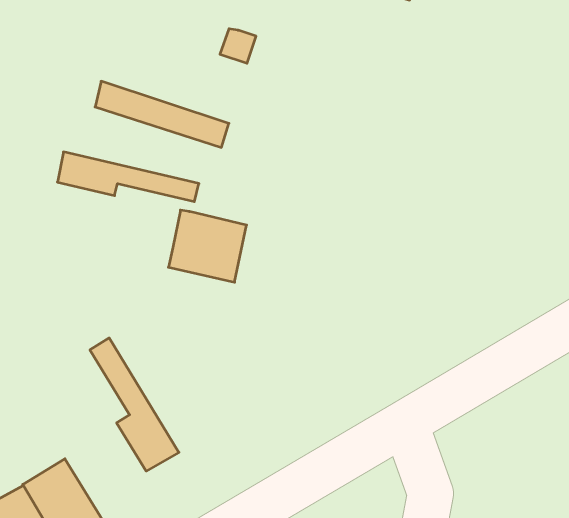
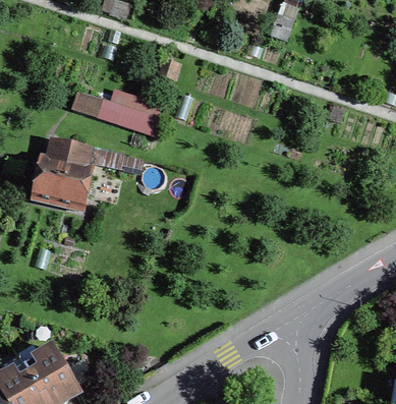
building: [168,210,247,282] -> [33,158,86,207]
building: [90,338,179,471] -> none

